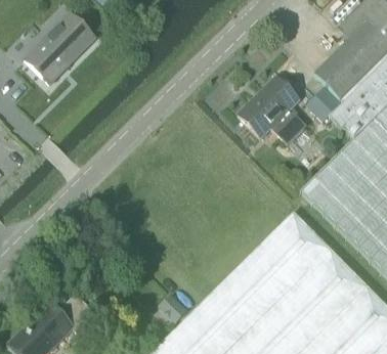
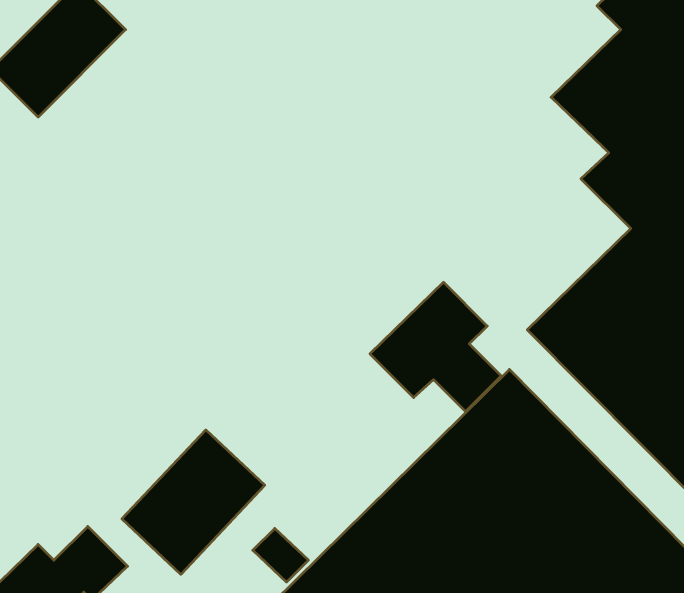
building: [238,76,305,142] -> [370,282,501,411]
building: [307,86,343,121] -> none
building: none -> [122,430,265,574]

